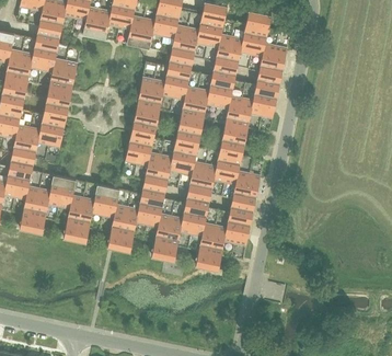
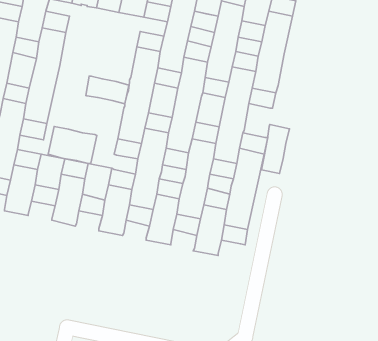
building: none -> [86,76,129,104]
building: none -> [262,124,289,173]
building: none -> [48,126,97,164]

